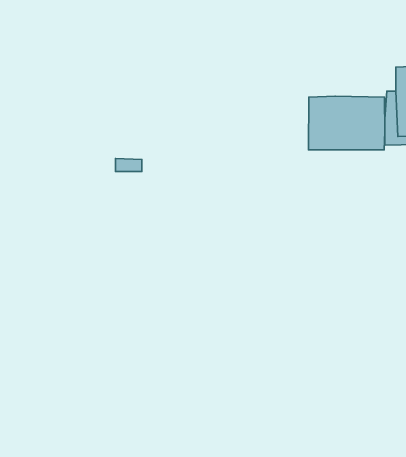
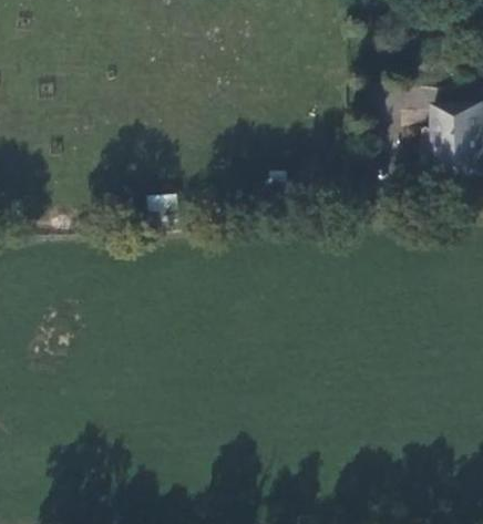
building: [308,96,385,150] -> none

